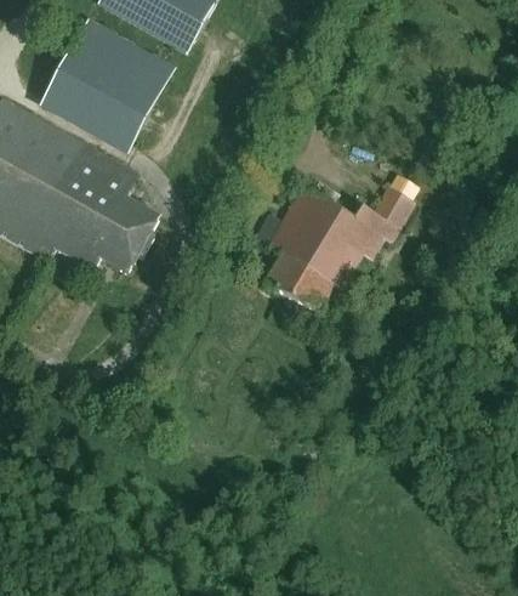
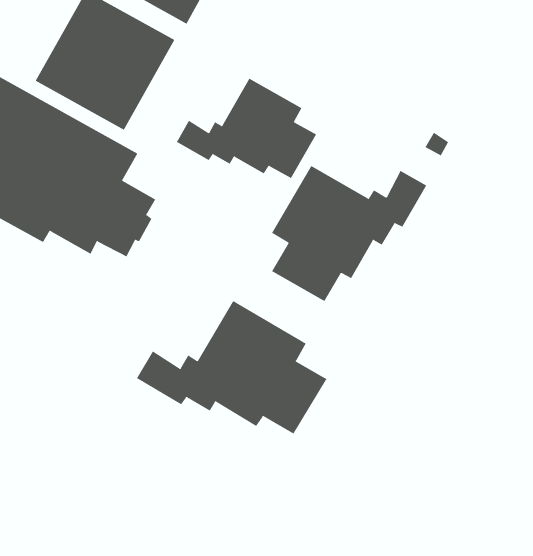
building: none -> [176,78,317,179]
building: none -> [136,300,327,434]

